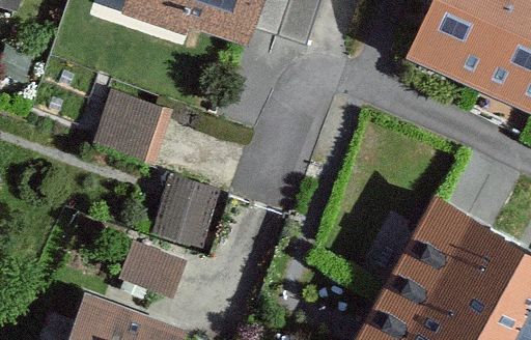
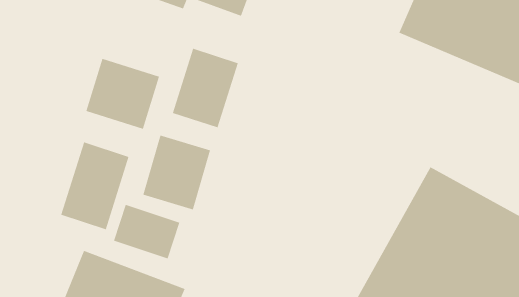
building: none -> [172,48,238,128]
building: none -> [61,142,129,230]

